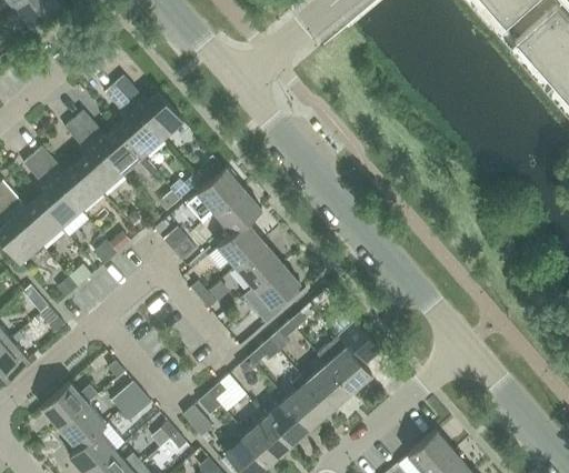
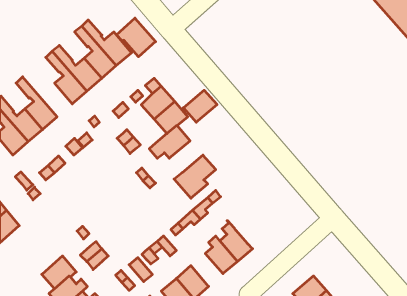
building: none -> [116,18,156,57]
building: [32,148,101,211] -> none
building: [236,244,282,289] -> [183,90,217,122]
building: [317,322,380,394] -> none
building: [41,384,98,430] -> none
building: [266,401,310,446] -> none

